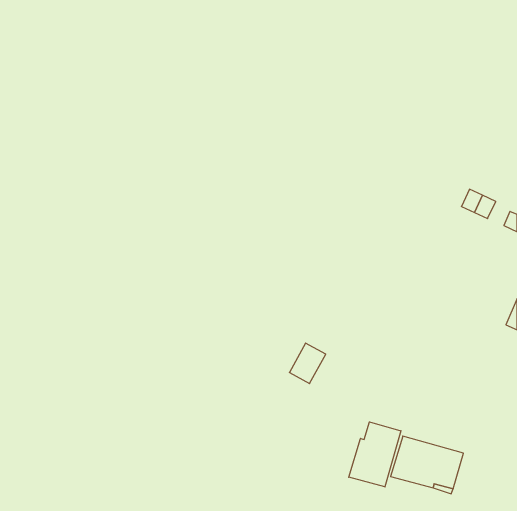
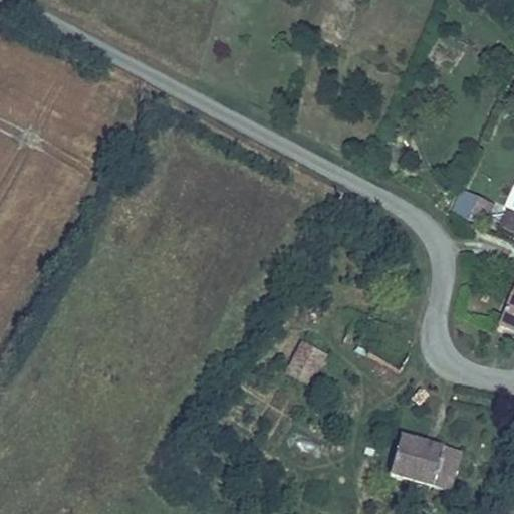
building: [349,422,401,487] -> none

